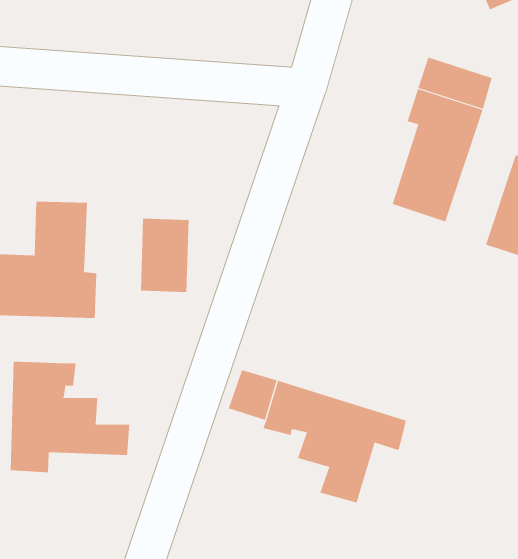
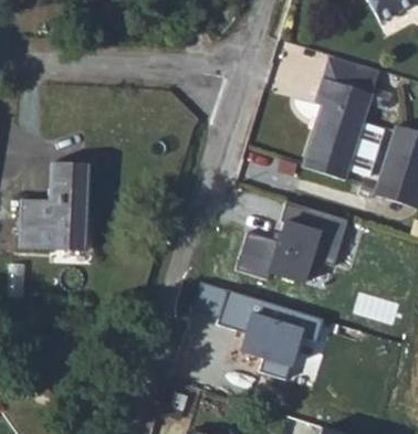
building: [140,218,189,293] -> none
building: none -> [234,202,346,284]
building: [10,361,130,473] -> none

